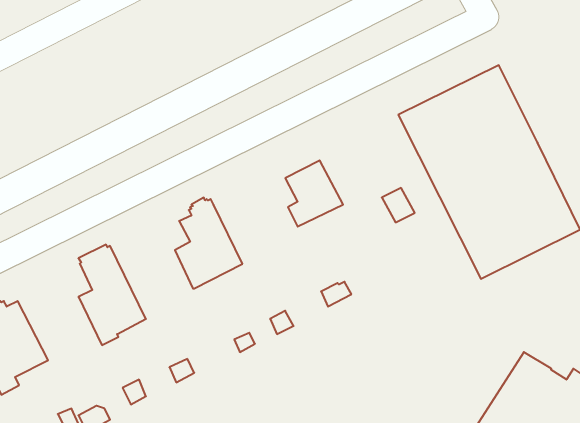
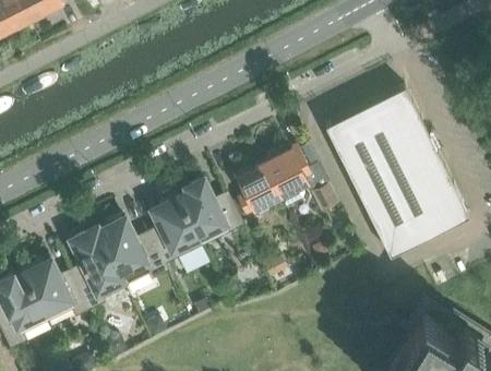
building: none -> [262,144,310,206]
building: none -> [178,179,241,243]
building: none -> [96,217,166,287]
building: none -> [21,259,89,320]

